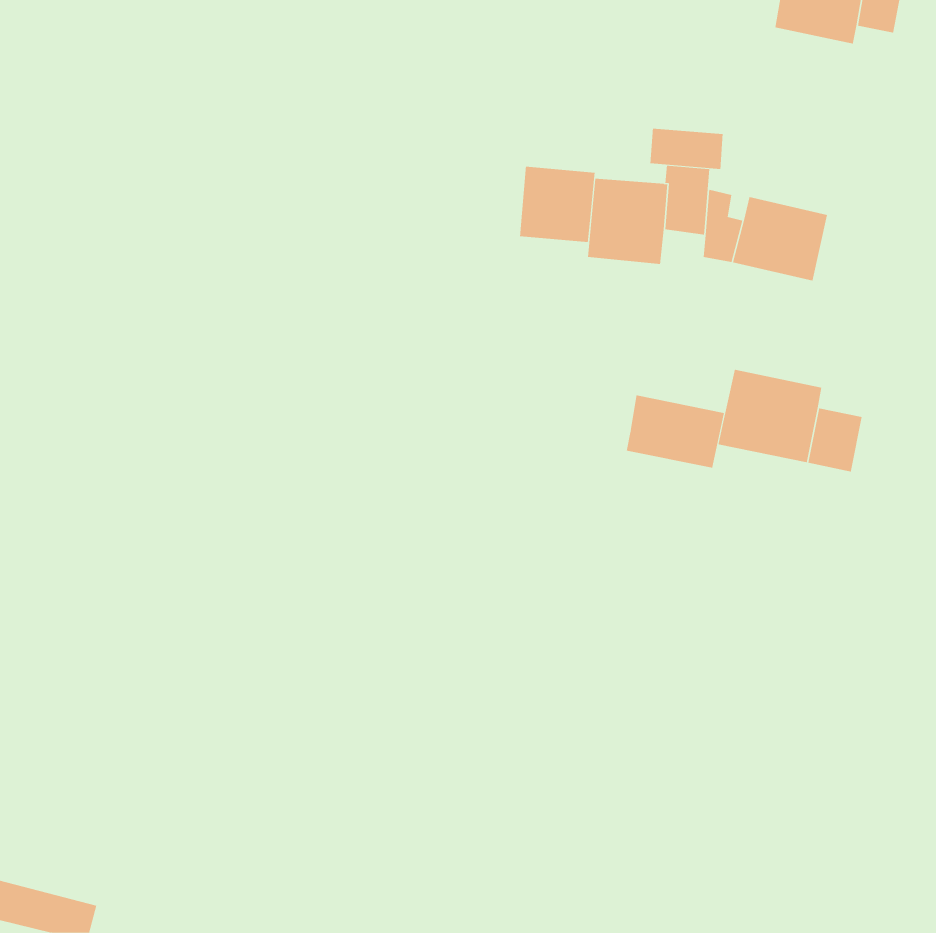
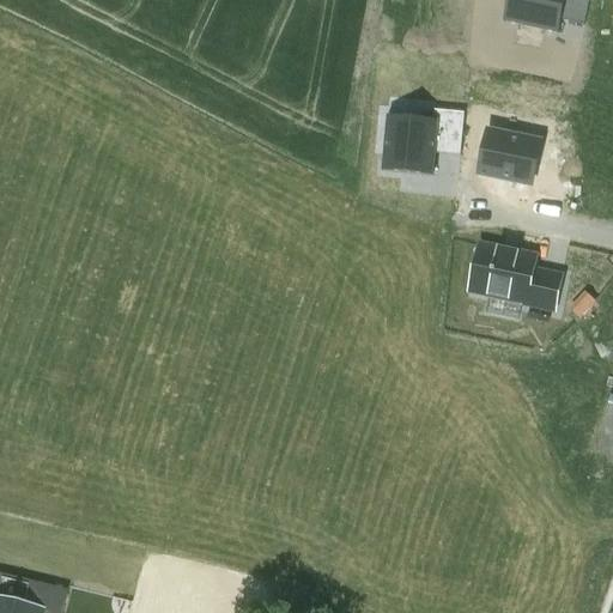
building: [650,128,723,170] -> none
building: [520,166,595,243] -> none
building: [626,394,724,469] -> none

